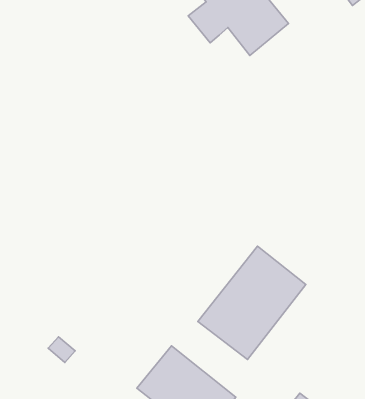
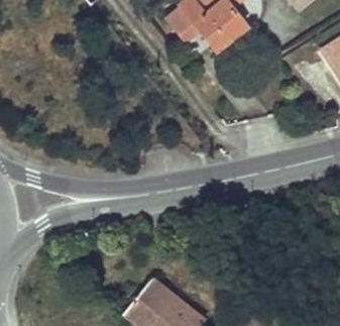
building: [198,246,306,359] -> none

